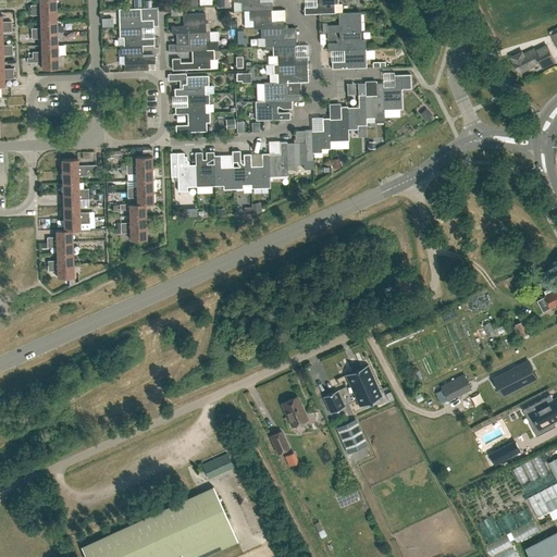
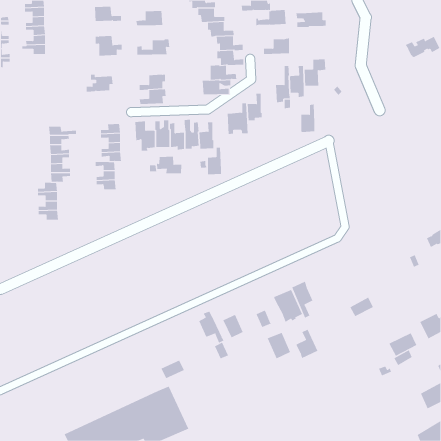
building: [120,26,154,46] -> none
building: [326,30,366,50] -> [296,12,327,27]
building: [169,32,210,51] -> none
building: [174,73,209,96] -> [86,74,114,92]
building: [330,106,348,141] -> [301,104,315,132]
building: [269,141,287,176] -> [207,147,222,175]
building: none -> [157,156,182,174]
building: none -> [291,281,313,318]
building: [502,361,537,392] -> [389,332,417,357]
building: none -> [198,311,224,344]
building: none -> [296,329,318,359]

